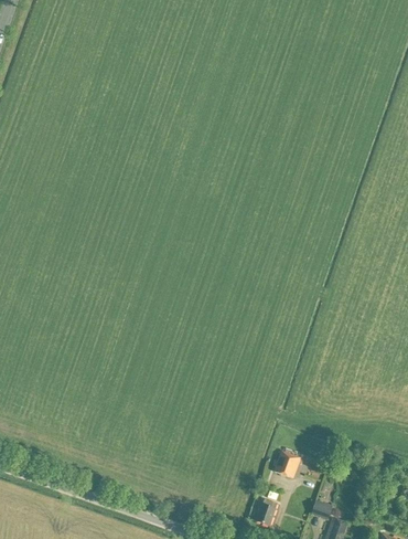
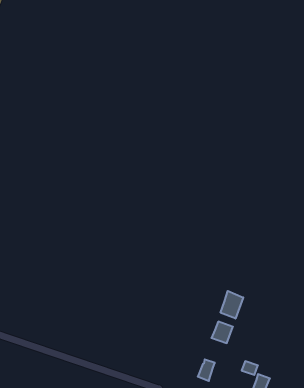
building: none -> [221,291,243,319]

